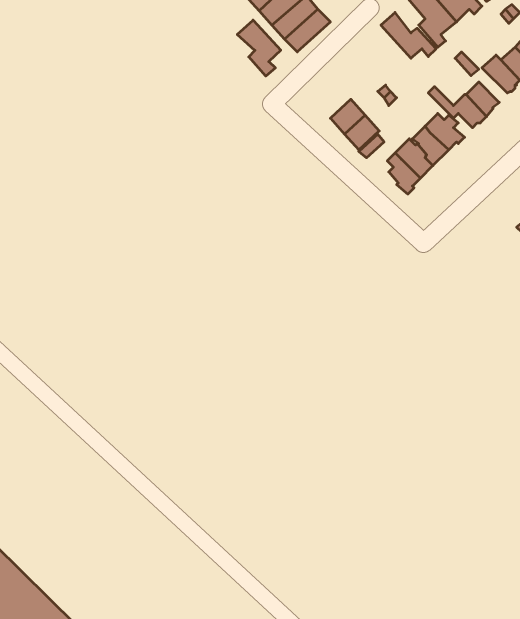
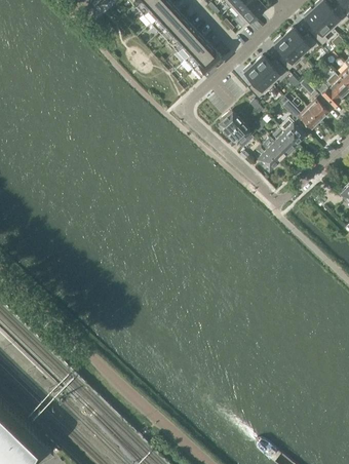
building: [237,20,281,76] -> none
building: none -> [242,62,271,101]

